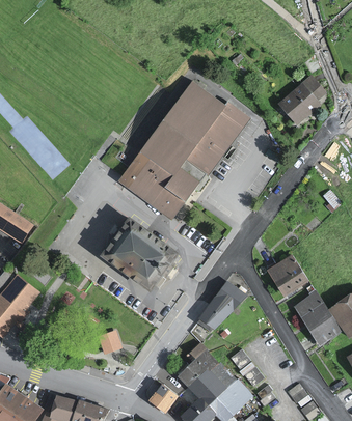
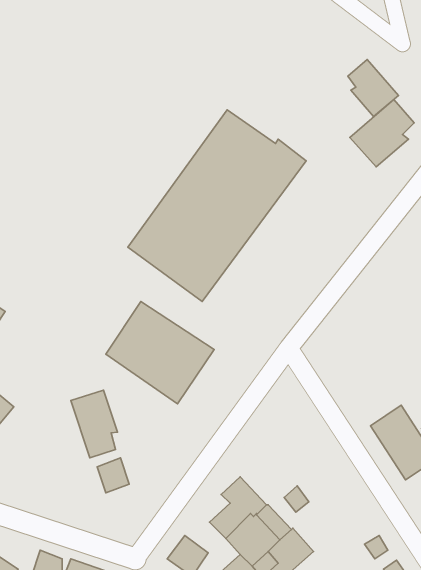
building: none -> [348,60,399,116]
building: [267,256,305,294] -> none
building: none -> [71,390,118,458]
building: [197,282,243,332] -> none

